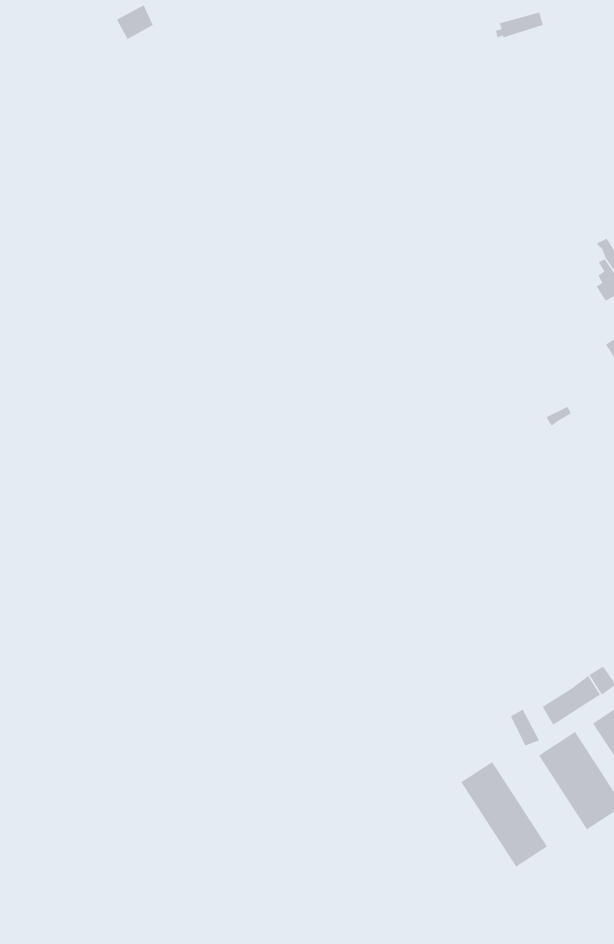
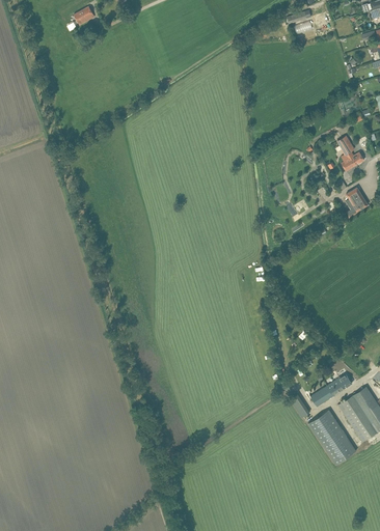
building: [460,761,548,868] -> none

